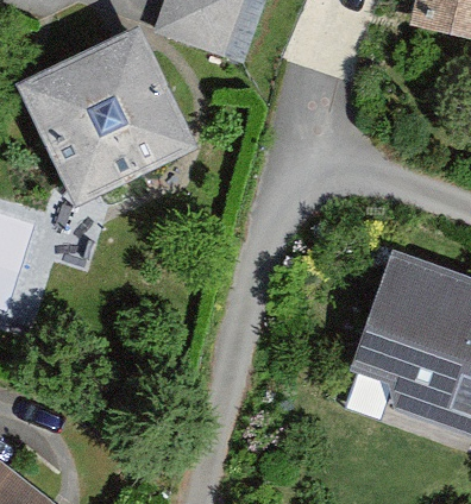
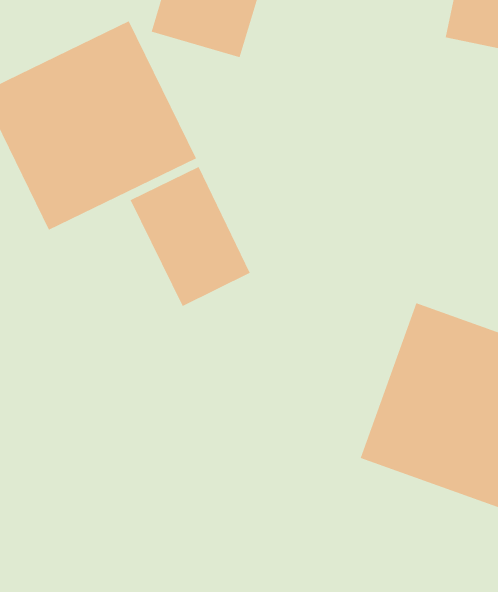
building: none -> [130,166,251,307]

